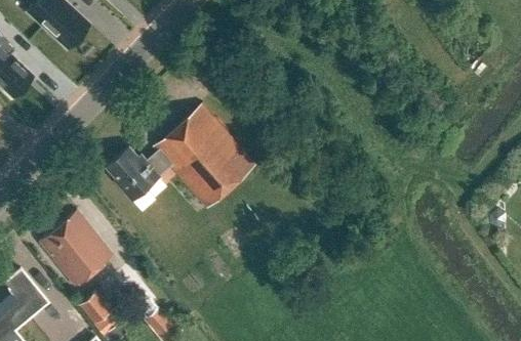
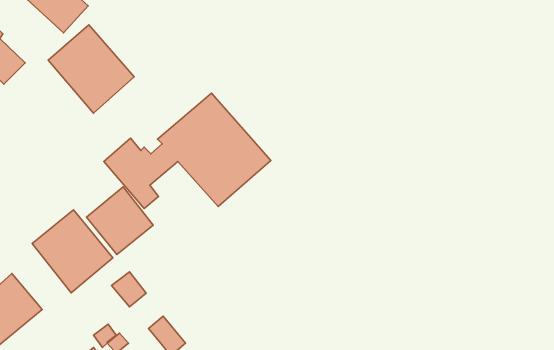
building: none -> [48,25,134,113]
building: none -> [87,187,153,255]
building: [77,292,109,324] -> [112,272,146,307]

